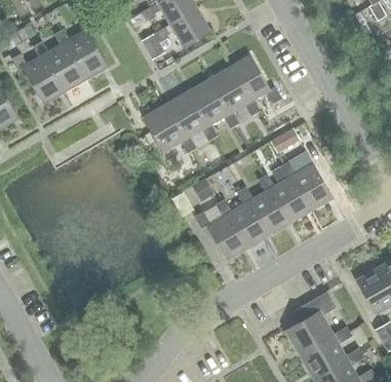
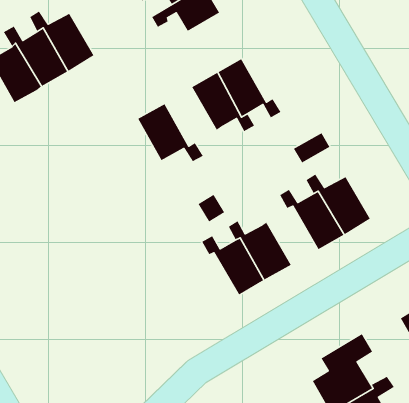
building: [228,54,282,104] -> none
building: [165,90,218,140] -> none
building: [237,187,290,236] -> none

